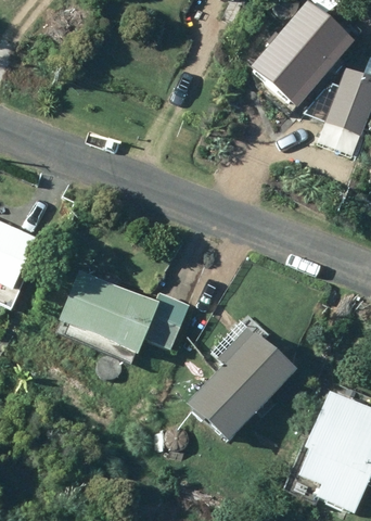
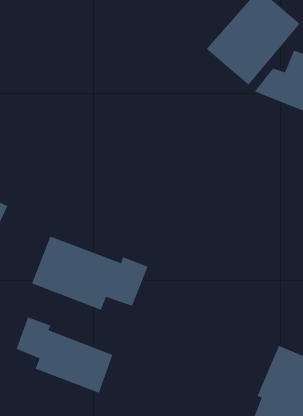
building: [187,325,295,441] -> none
building: none -> [16,316,113,394]

